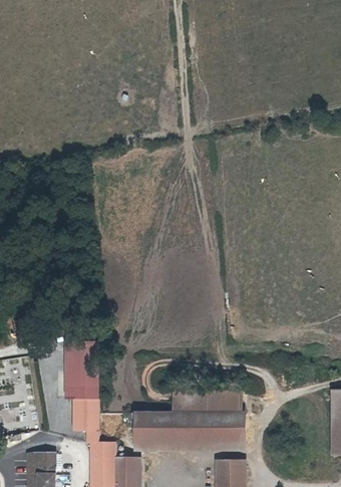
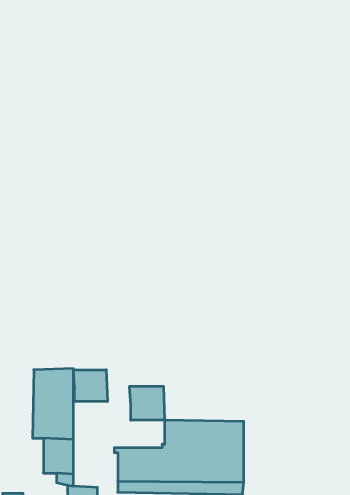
building: none -> [73,370,107,402]
building: none -> [130,386,165,420]

